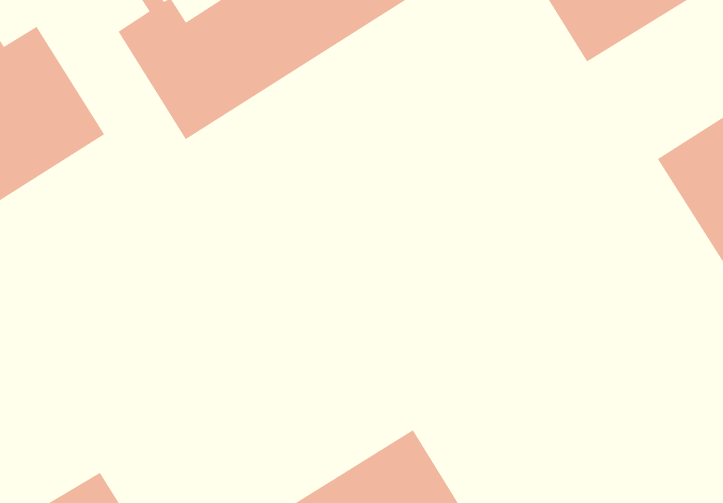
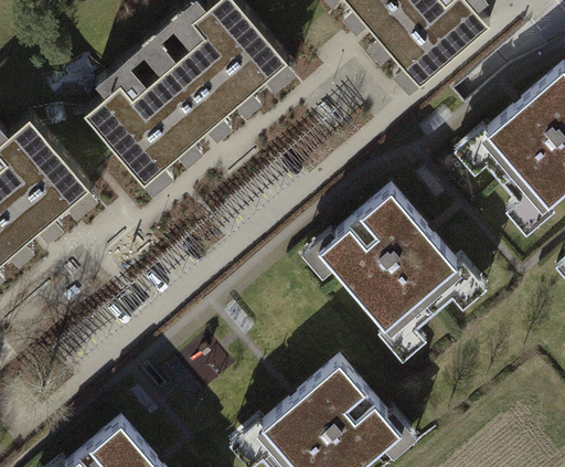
building: none -> [312,197,465,351]

